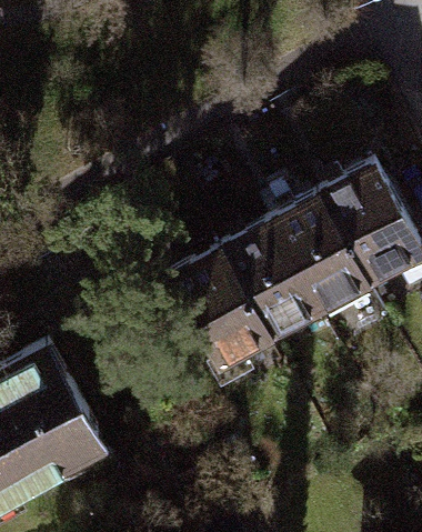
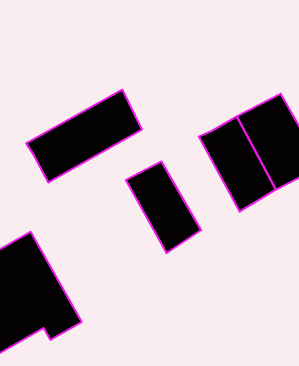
building: none -> [26,90,142,183]
building: [219,222,321,344] -> none

